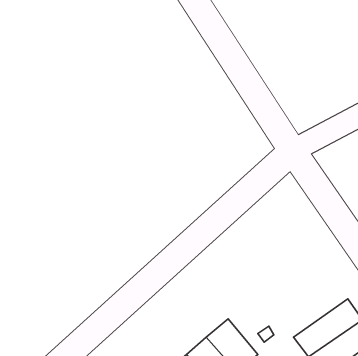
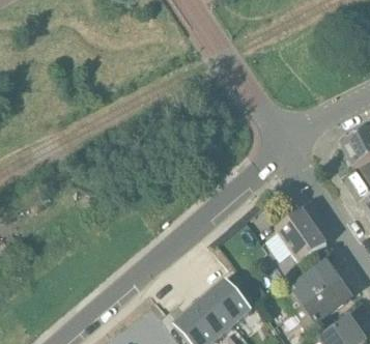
building: none -> [276,209,326,263]

